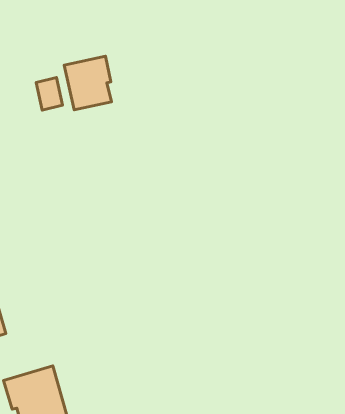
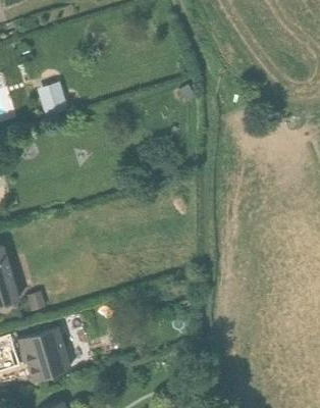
building: [64,56,111,110] -> none

